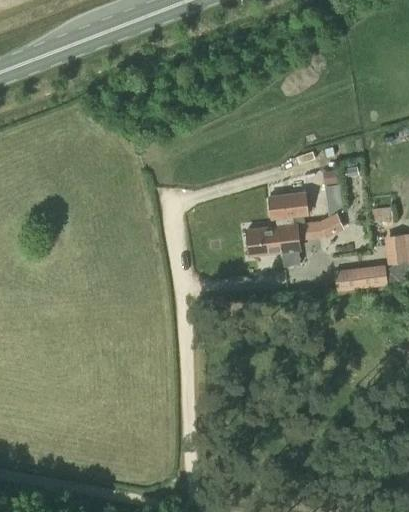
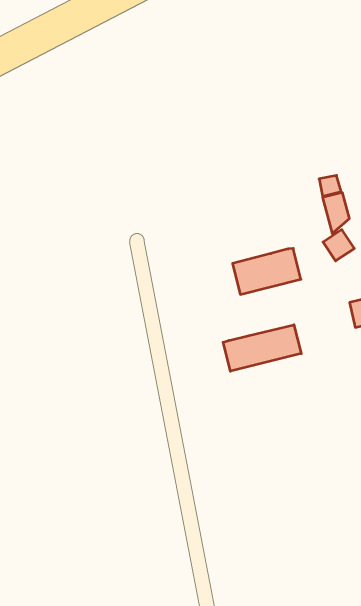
building: [270,193,307,226] -> none
building: none -> [223,325,301,371]

